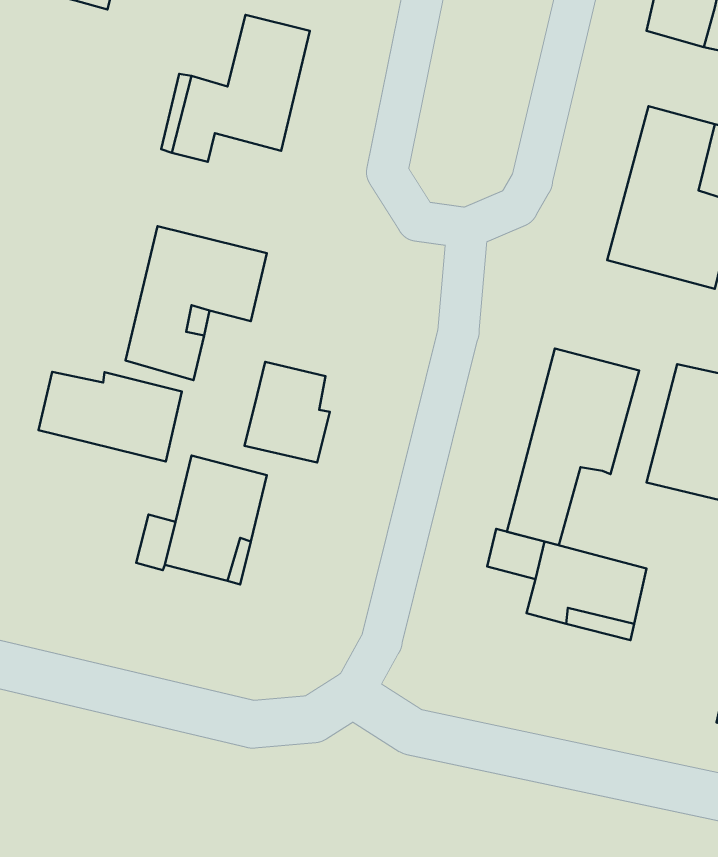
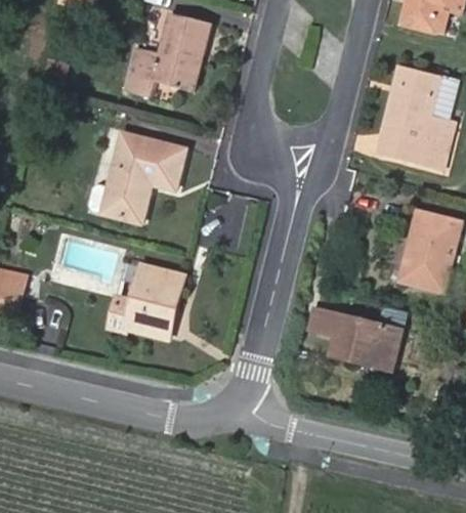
building: [507,348,639,545] -> none
building: [245,362,330,463] -> none
building: [38,372,182,462] -> none

